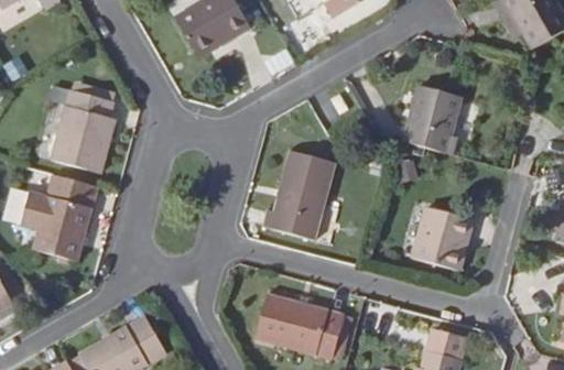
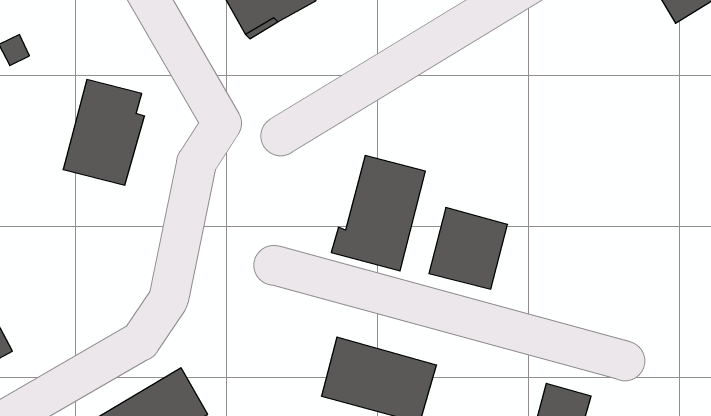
building: [403,85,462,154] -> none
building: [34,174,97,260] -> none
building: [411,206,473,270] -> [429,208,508,289]

